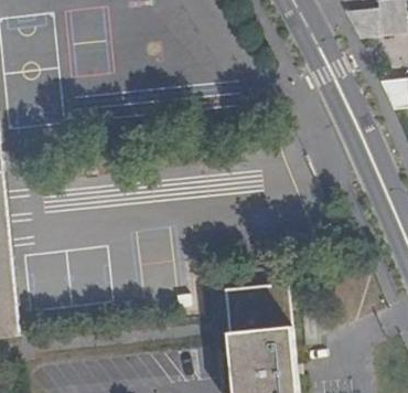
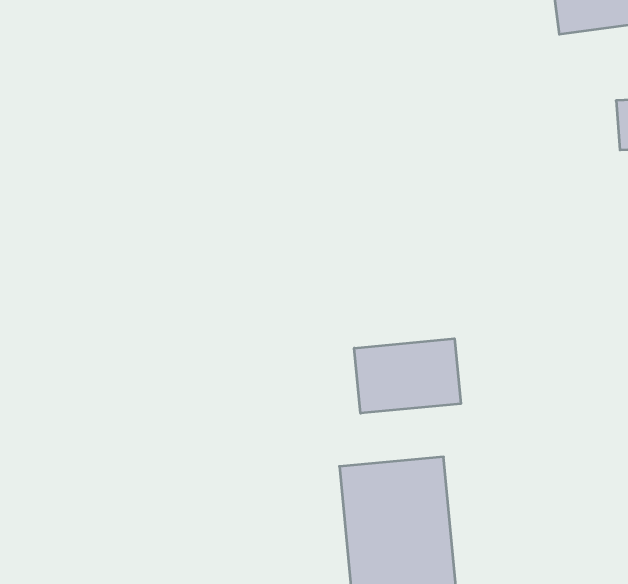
building: none -> [354,339,461,413]

